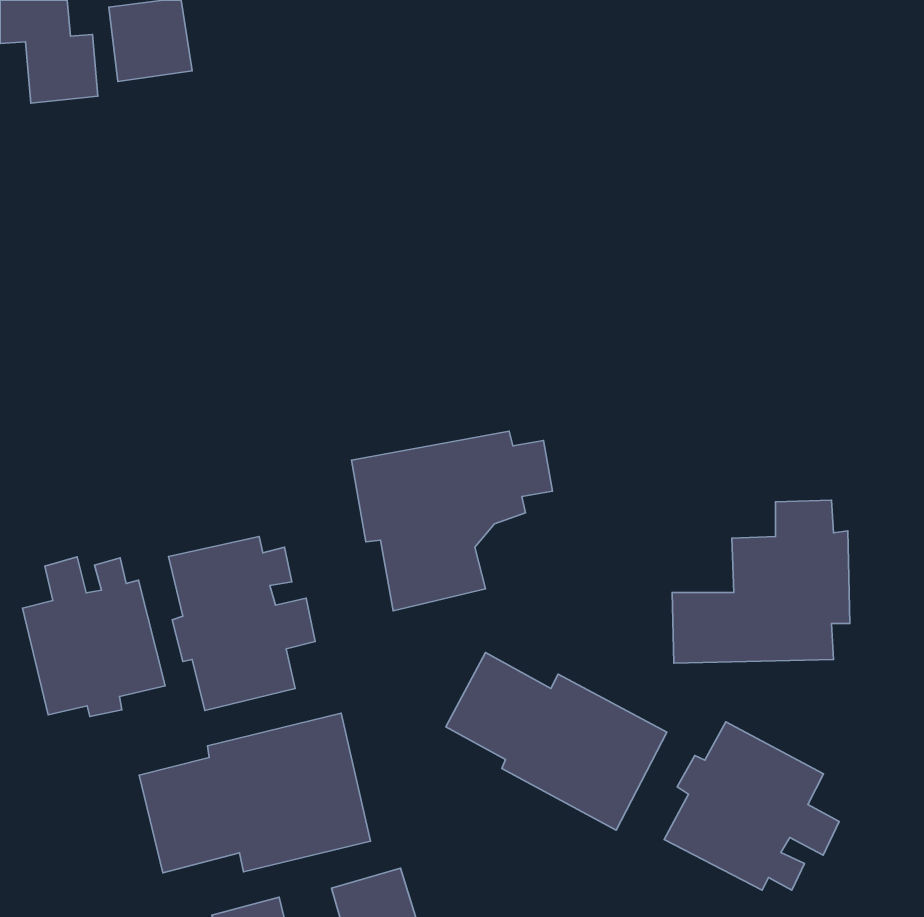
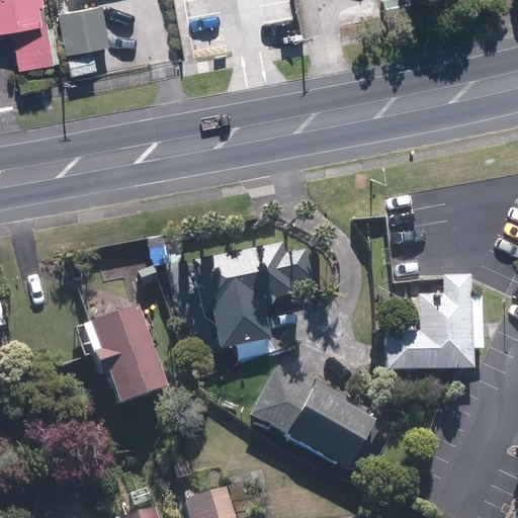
building: [23,557,165,716] -> none
building: [139,713,371,873] -> none
building: [664,722,839,890] -> none

